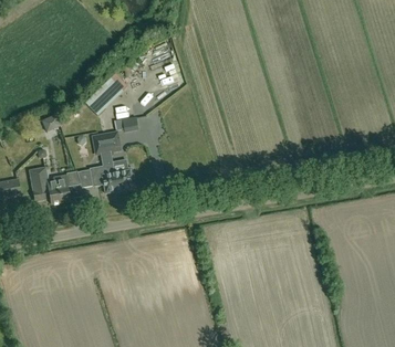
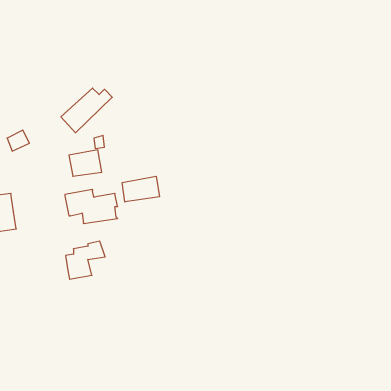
building: none -> [122,176,159,202]
building: [48,170,81,202] -> [66,241,105,279]

